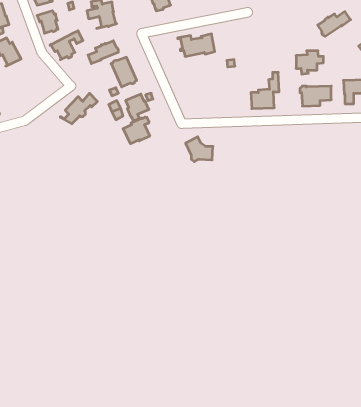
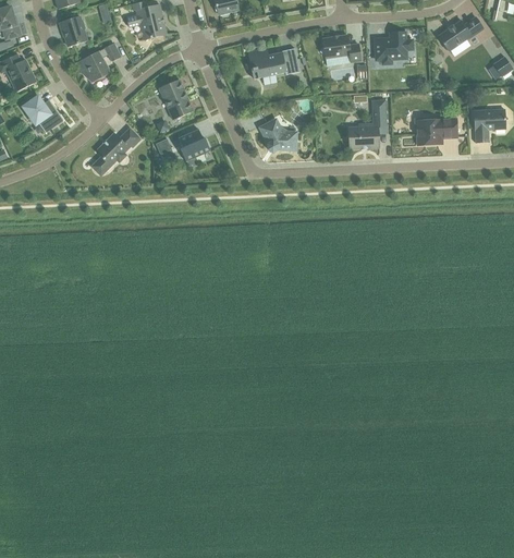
building: none -> [319,34,360,64]
building: [88,41,118,64] -> none
building: [296,51,323,74] -> [375,32,412,63]
building: none -> [22,95,63,133]
building: [123,117,150,144] -> none
building: [186,137,213,162] -> [259,118,296,151]

